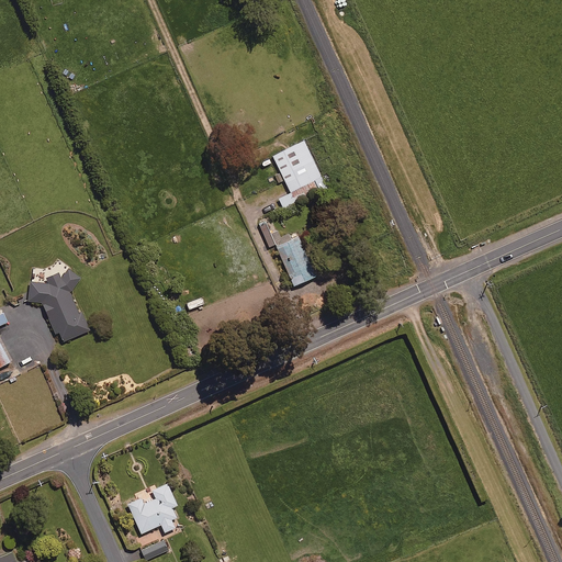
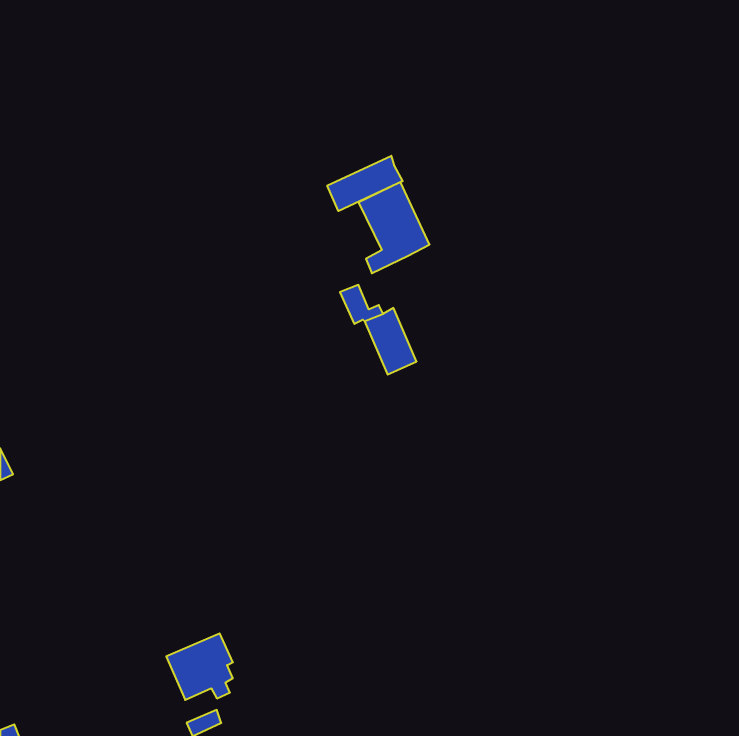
building: none -> [327,156,403,211]
building: [27,269,89,341] -> none

